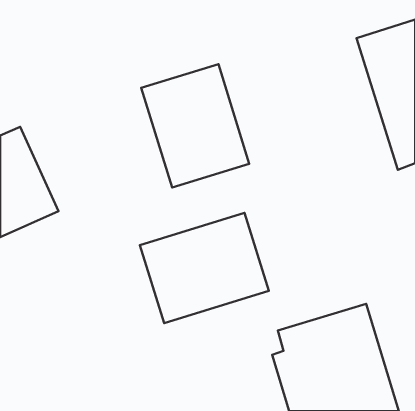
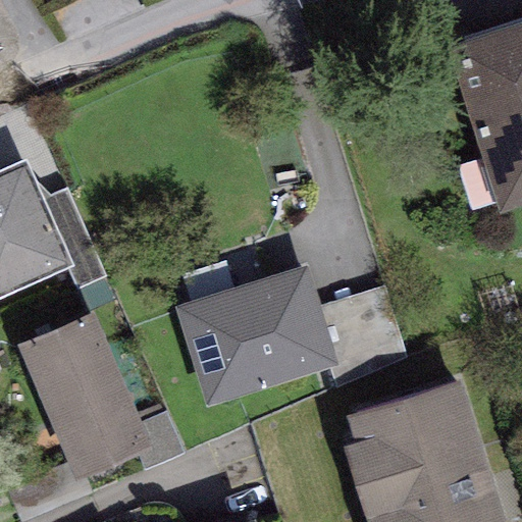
building: [141,64,249,188] -> none
building: none -> [17,313,153,482]

